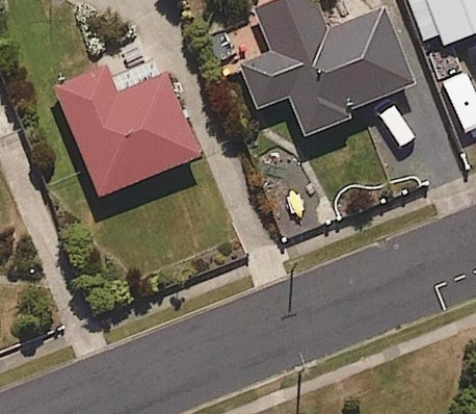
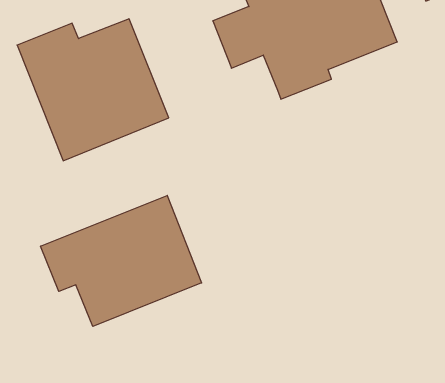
building: none -> [41,195,202,326]

